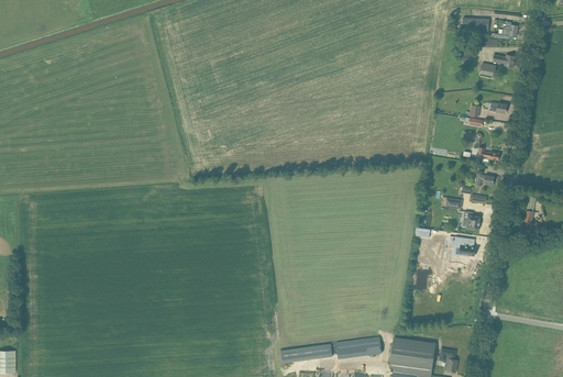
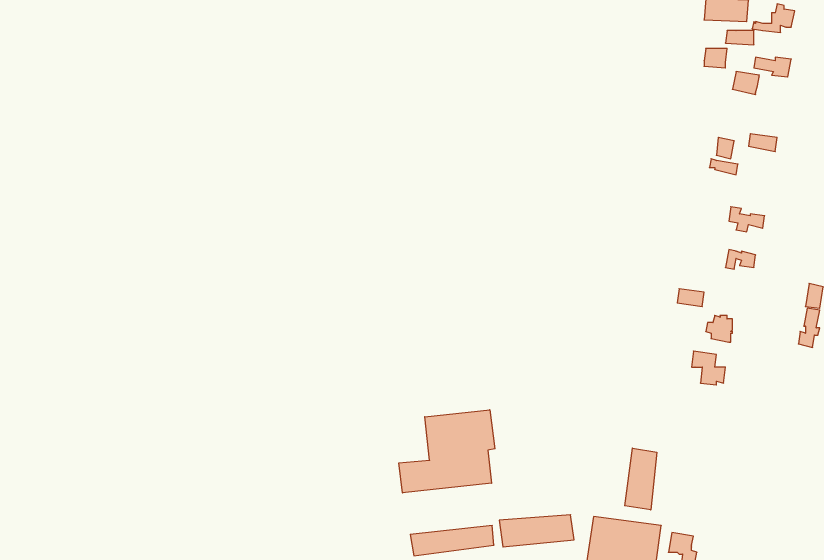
building: none -> [399,410,495,493]
building: none -> [625,448,657,510]

